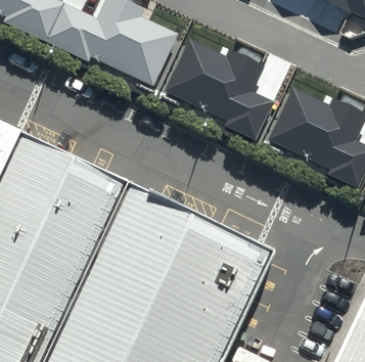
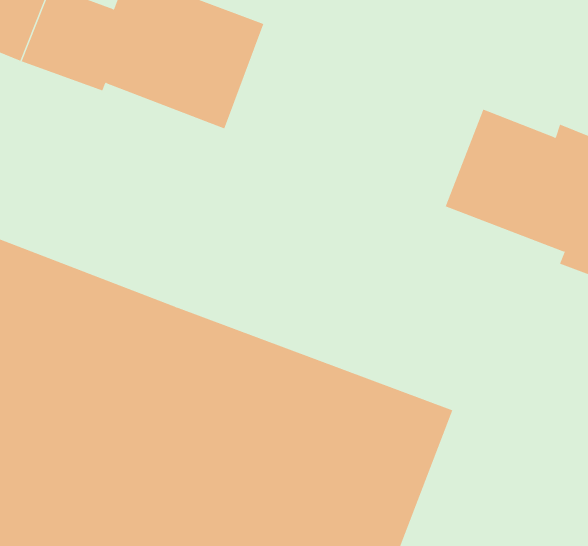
building: [165,39,273,140] -> none

